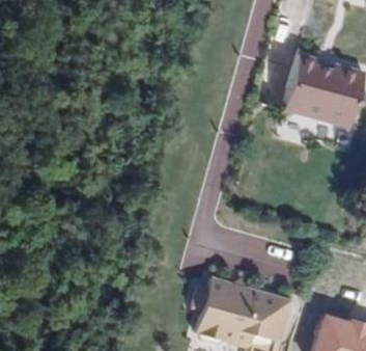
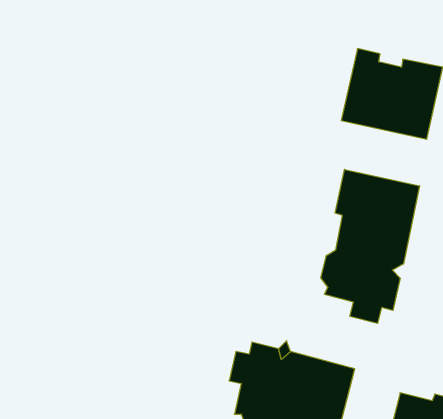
building: none -> [321,169,420,323]

